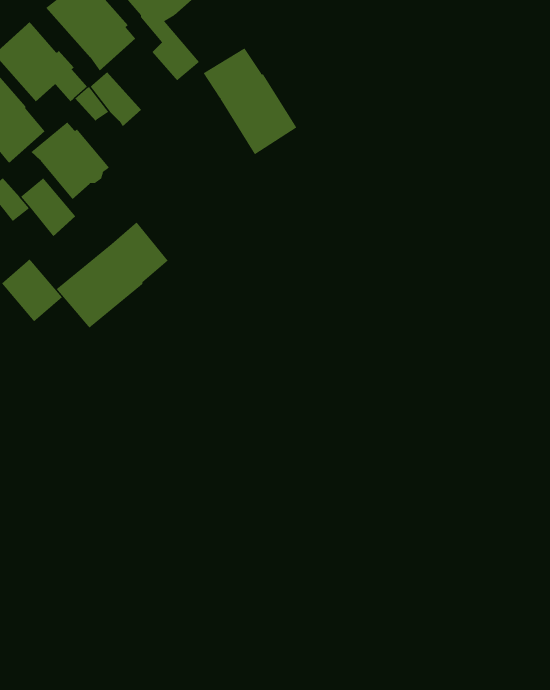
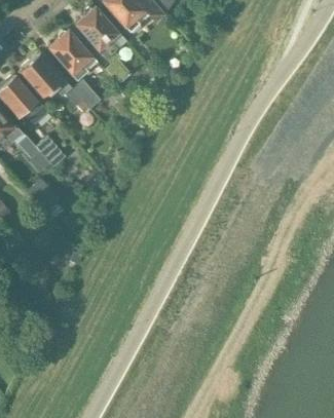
building: [203,48,297,155] -> none
building: [30,122,110,200] -> none
building: [56,221,168,329] -> none

